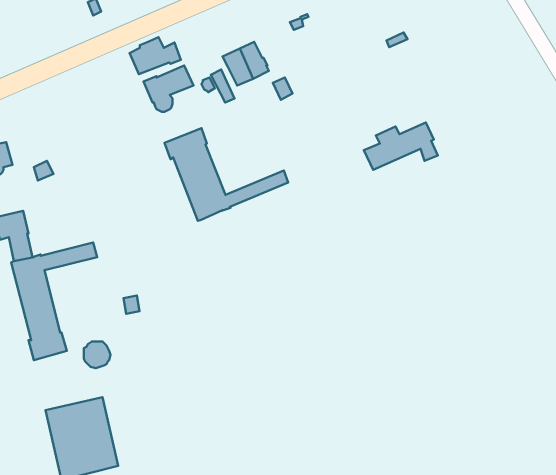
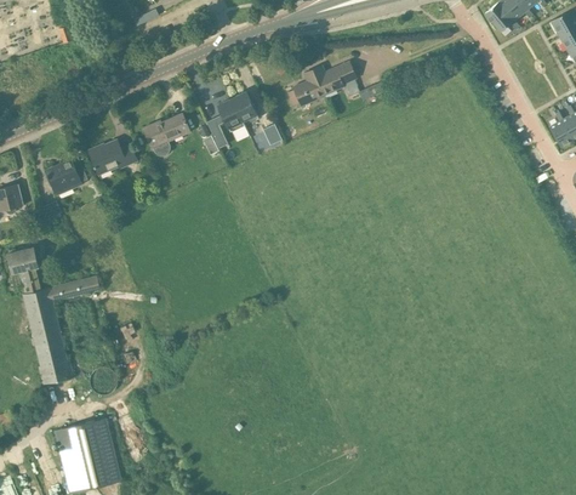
building: [129,37,181,74] -> [90,140,137,173]
building: none -> [45,155,87,195]
building: [364,122,438,170] -> [292,61,360,104]
building: [164,128,288,221] -> none

